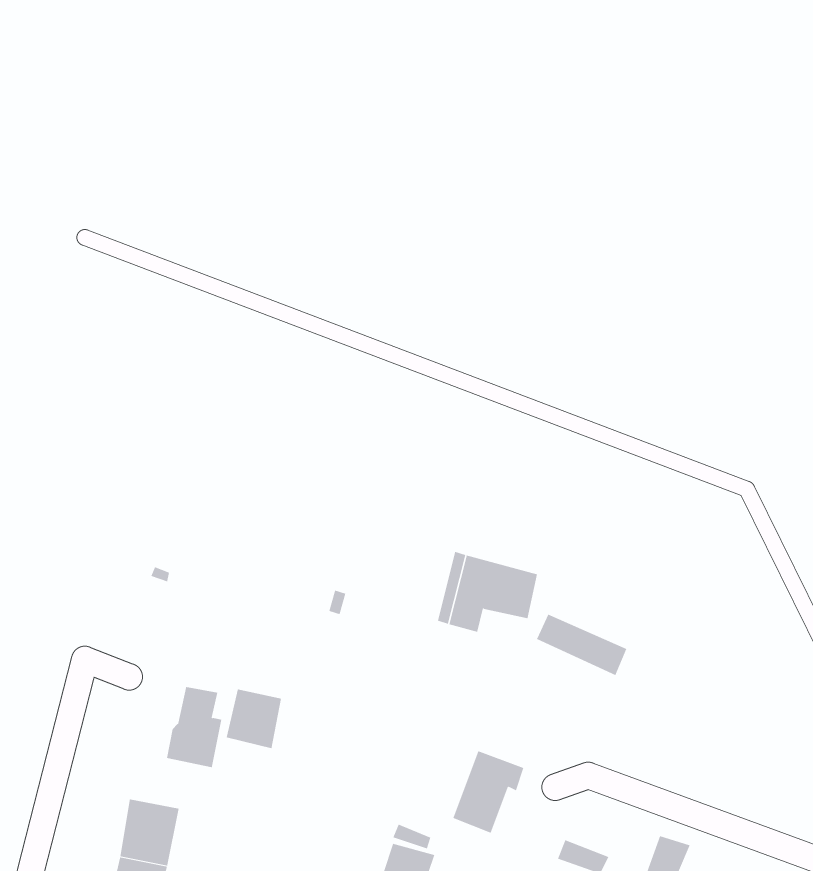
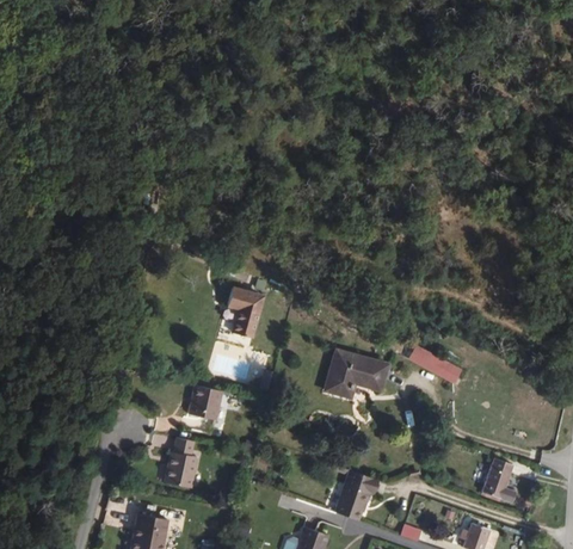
building: none -> [232,284,266,332]
building: [536,614,627,676] -> [403,345,460,383]
building: [226,689,282,749] -> [181,381,216,418]
building: none -> [478,461,511,505]

